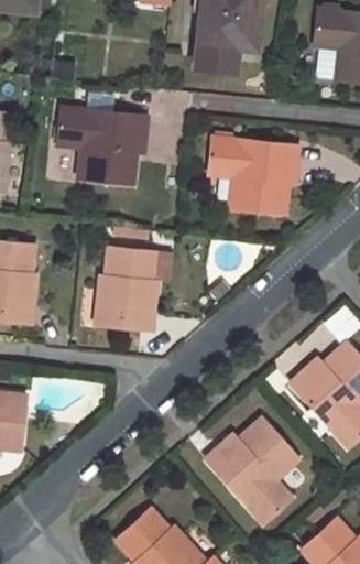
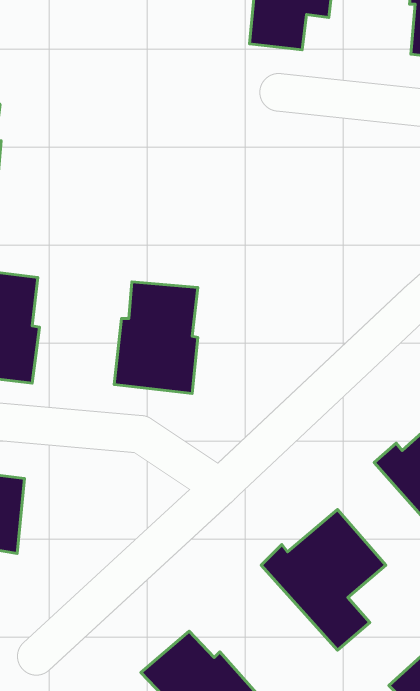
building: [58,93,149,183] -> none
building: [210,137,301,215] -> none

